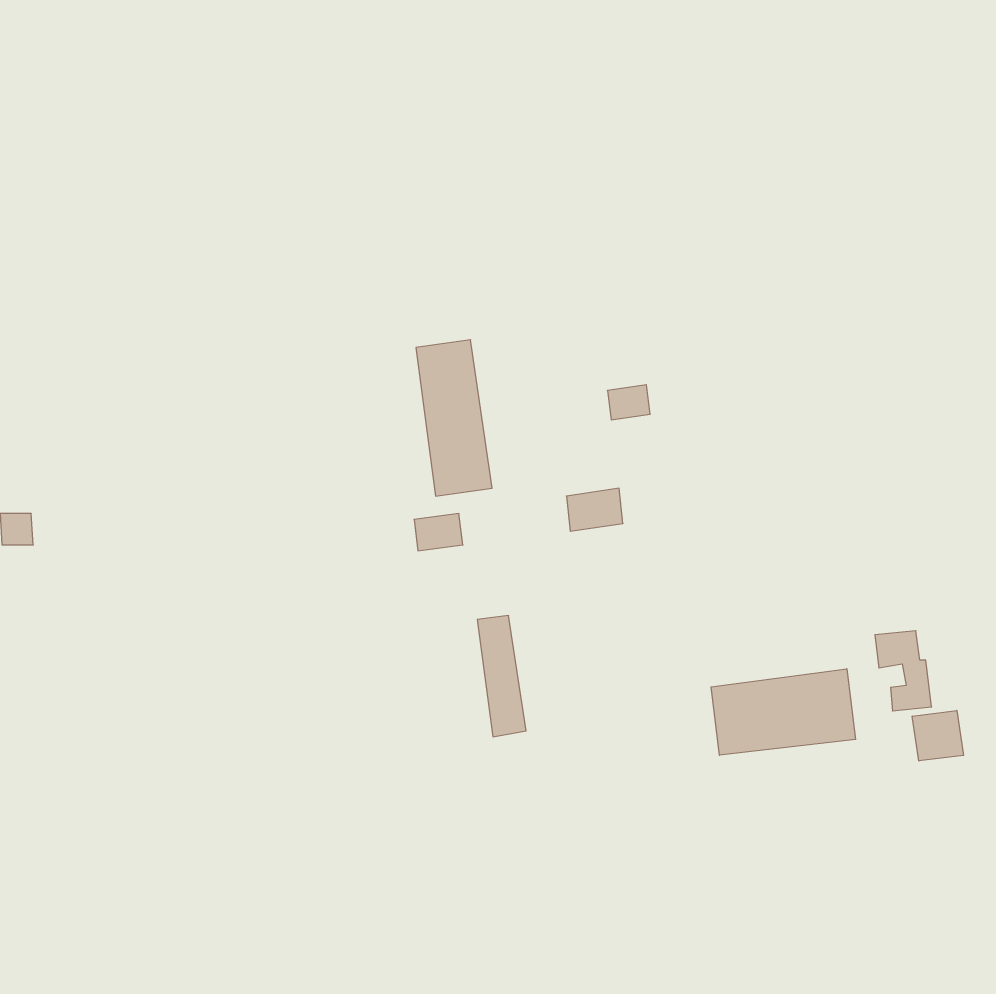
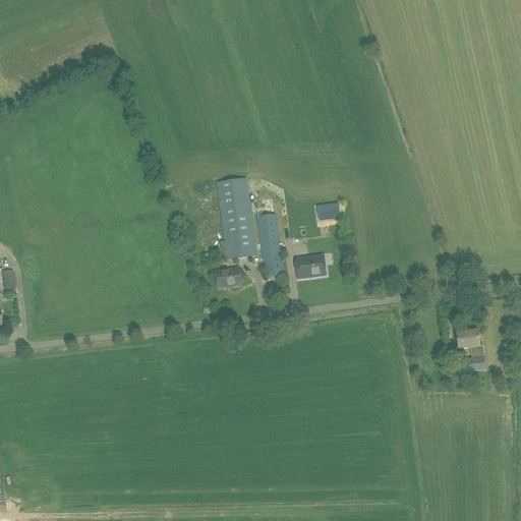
building: [477,616,526,737] -> [257,213,283,276]
building: [711,669,856,755] -> none
building: [912,710,964,761] -> none

